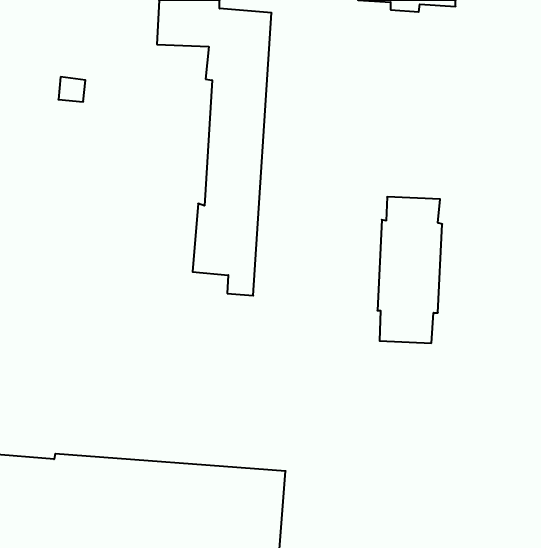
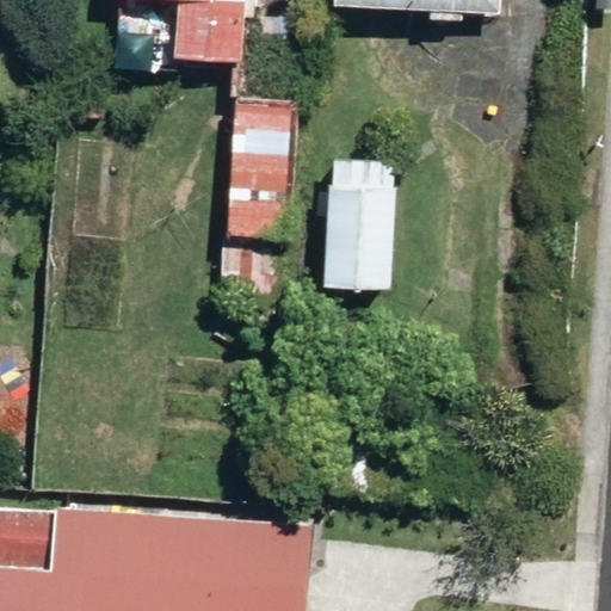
building: [377,197,442,343] -> [321,156,393,317]

